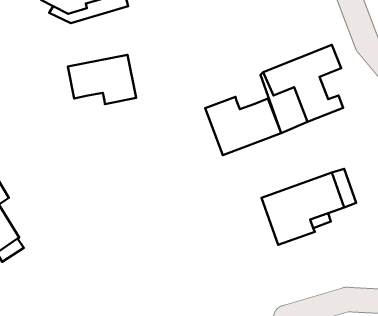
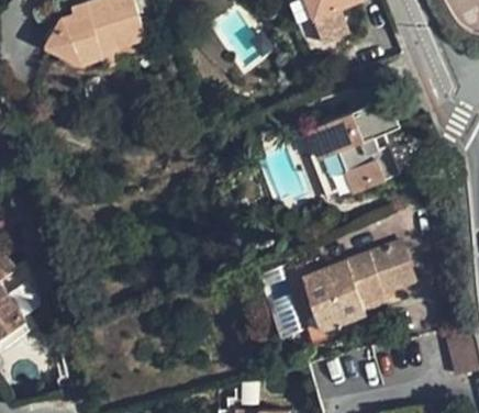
building: [68,55,136,104] -> none
building: [205,97,281,155] -> none

